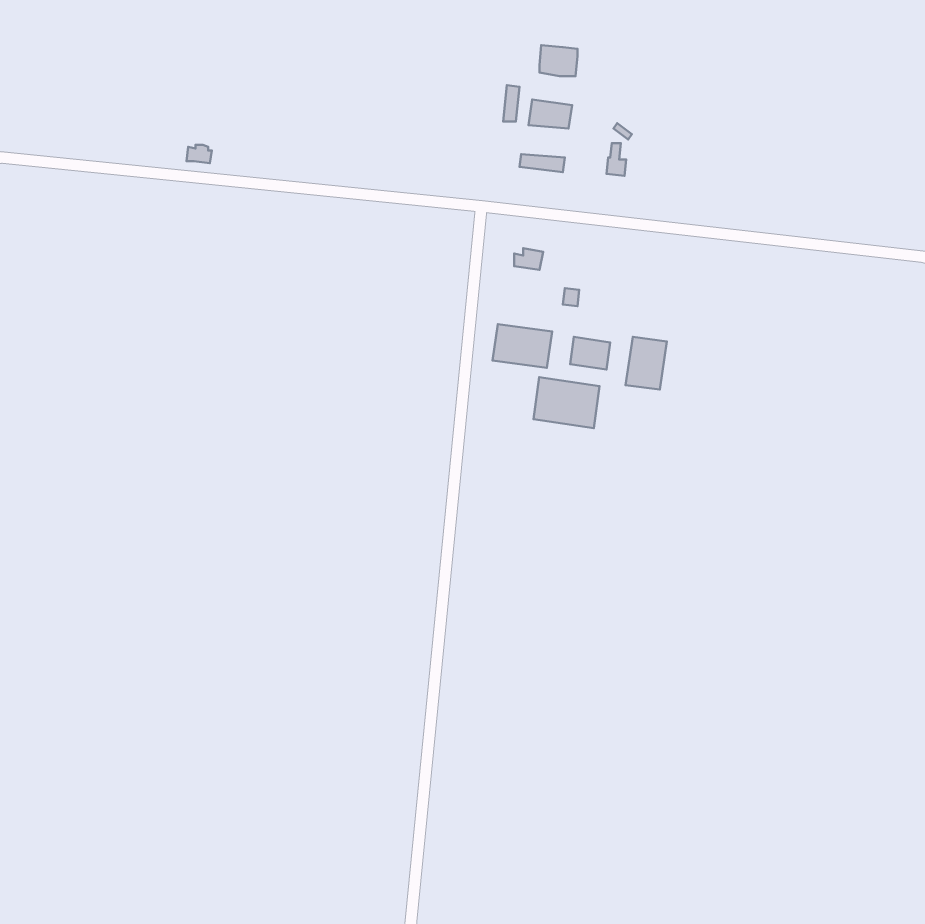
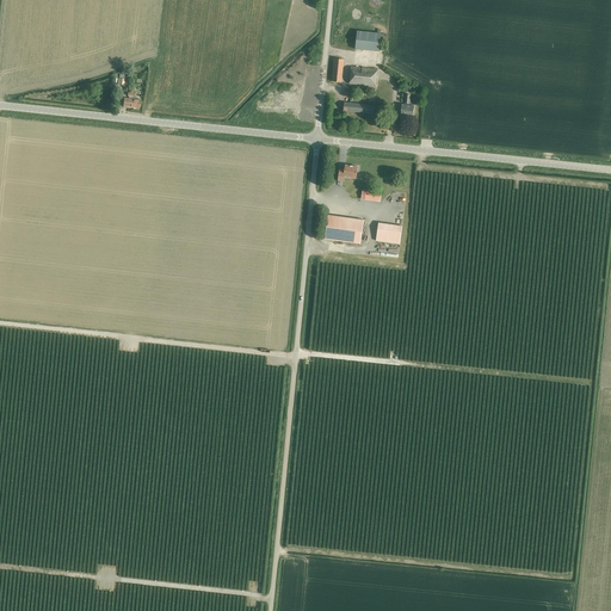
building: [626,337,667,390] -> none
building: [533,377,599,428] -> none

